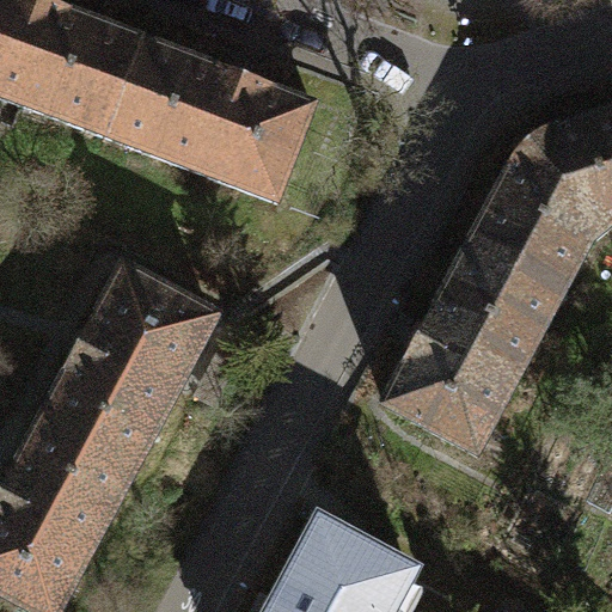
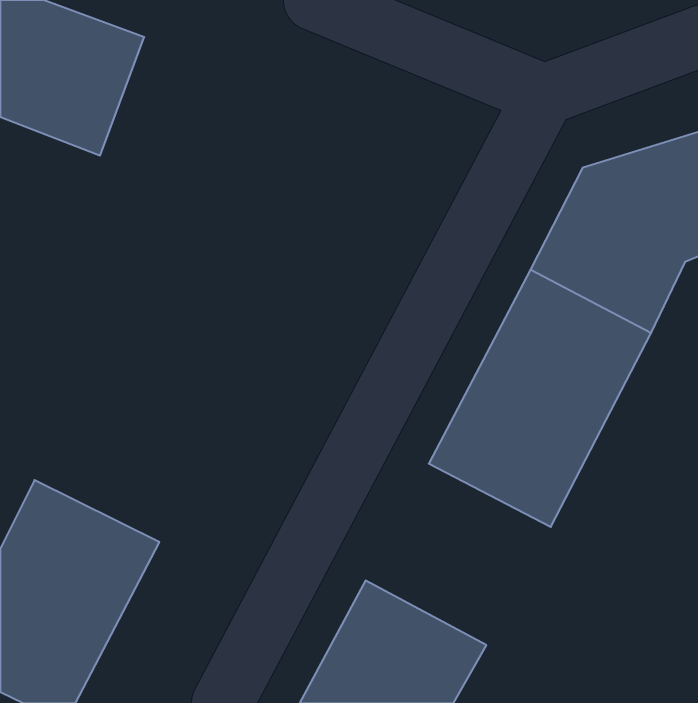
building: [91,32,304,200] -> none
building: [33,257,222,471] -> none

